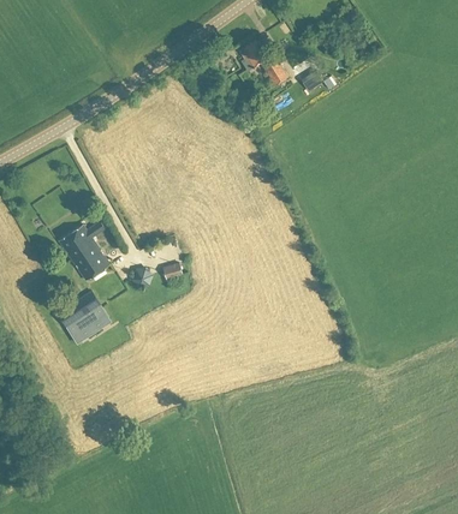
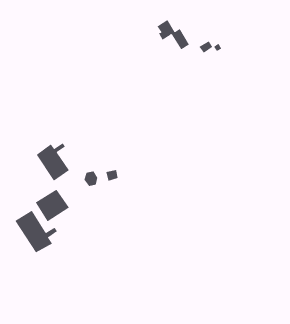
building: none -> [15,210,58,253]

